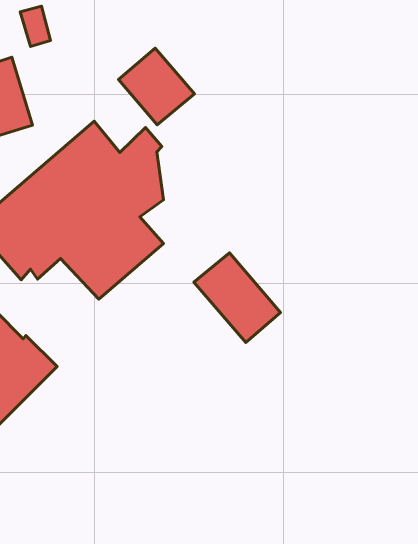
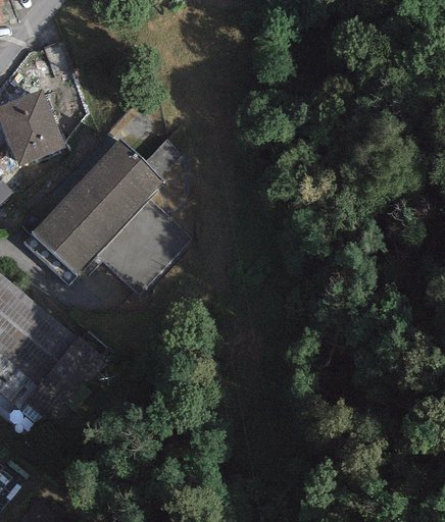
building: [119,48,194,125] -> none
building: [194,253,281,342] -> none

